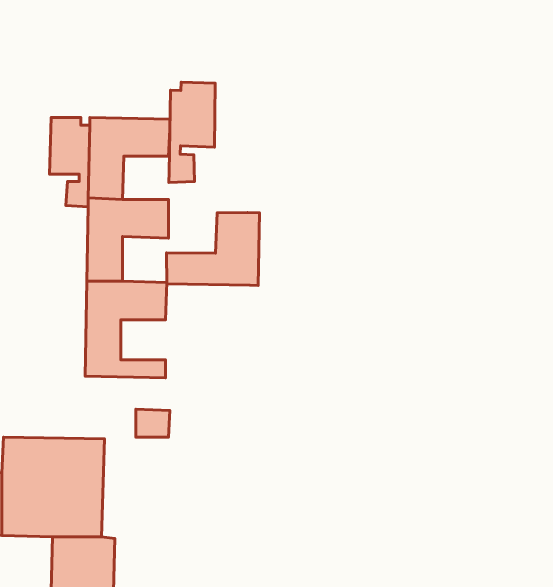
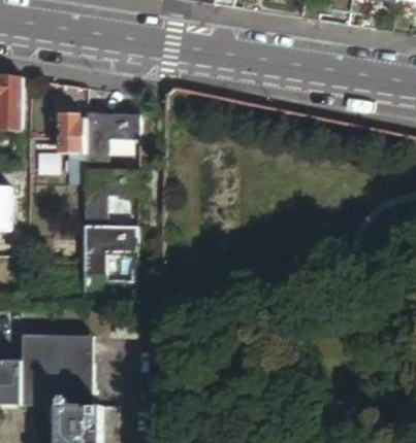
building: [169,82,215,182] -> none
building: [167,213,259,285] -> none

